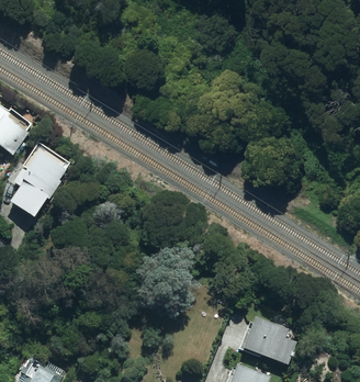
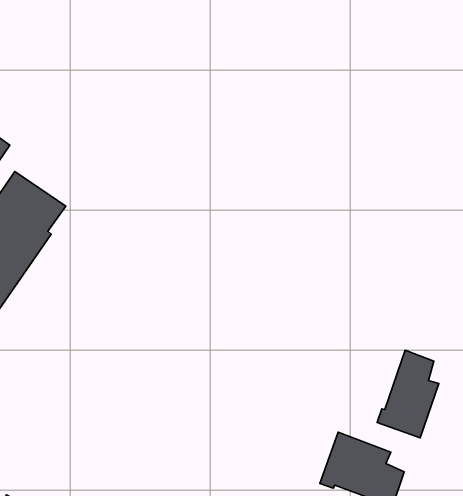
building: none -> [377,350,439,438]

